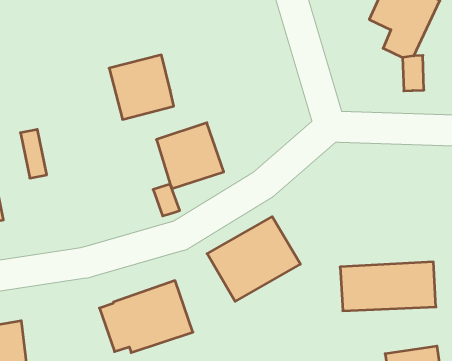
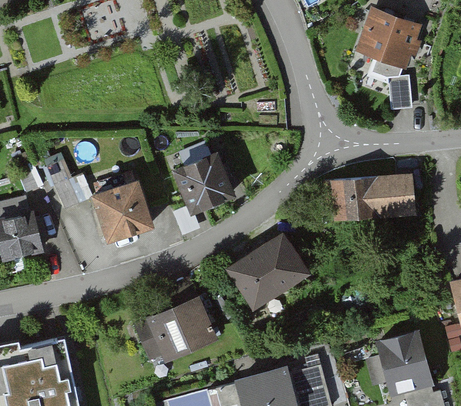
building: [109,55,174,119] -> [93,180,153,240]
building: [340,262,436,311] -> [329,170,417,219]

